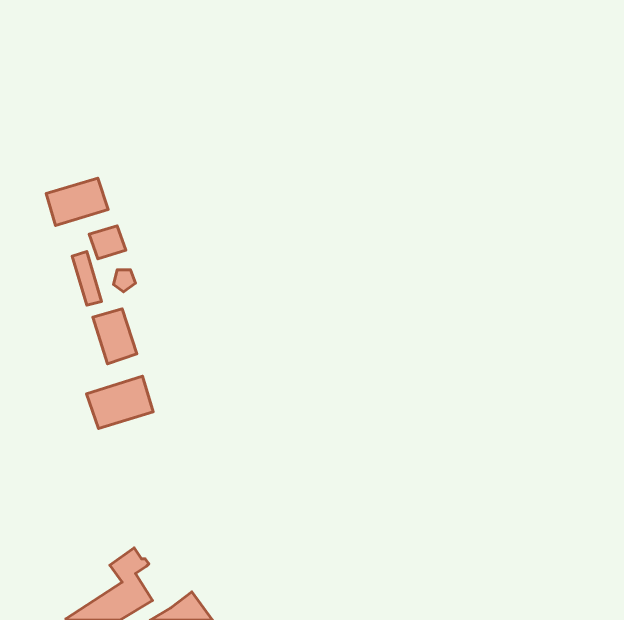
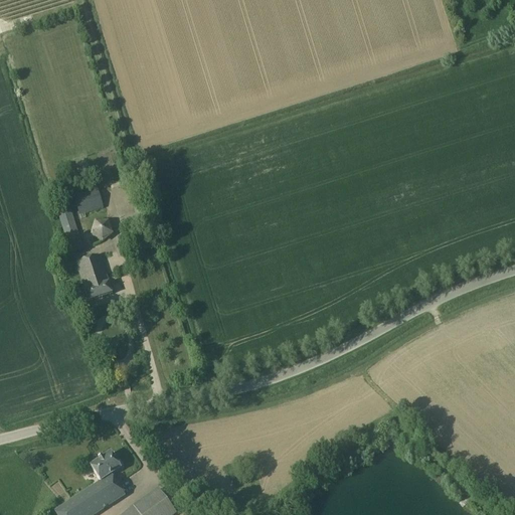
building: [46,178,108,226] -> none
building: [87,376,153,429] -> none

